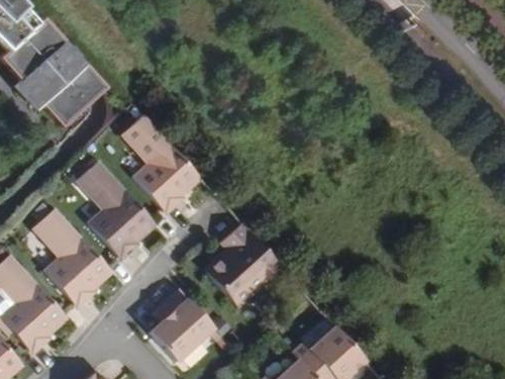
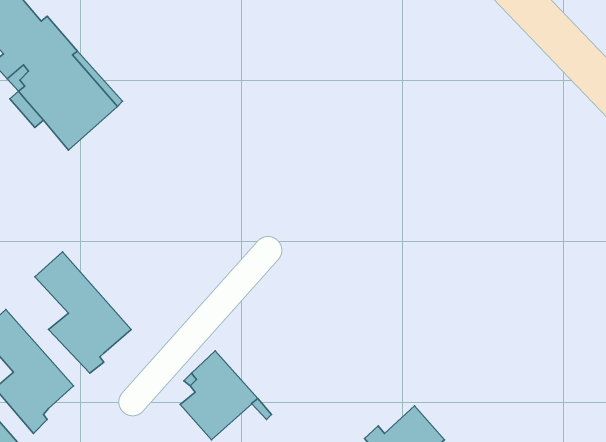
building: [121,114,199,213] -> none
building: [76,160,153,259] -> none
building: [205,222,280,306] -> none

